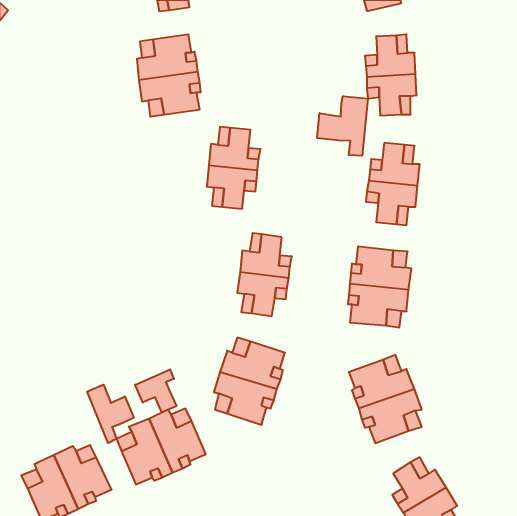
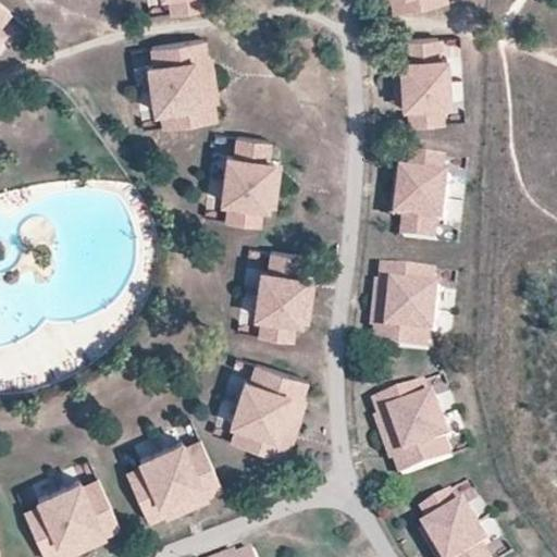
building: [317,96,368,156] -> none
building: [135,369,176,412] -> none
building: [87,385,134,443] -> none

